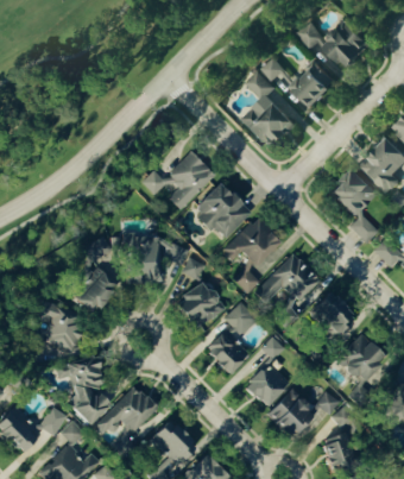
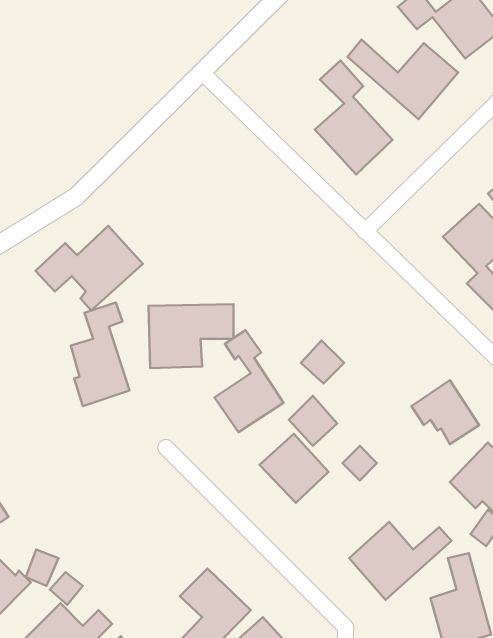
building: [141,151,215,209] -> [36,226,143,311]
building: [196,183,251,239] -> none
building: [221,218,282,266] -> none
building: [253,252,322,328] -> none
building: [39,300,158,435] -> none
building: [244,361,291,409] -> none

